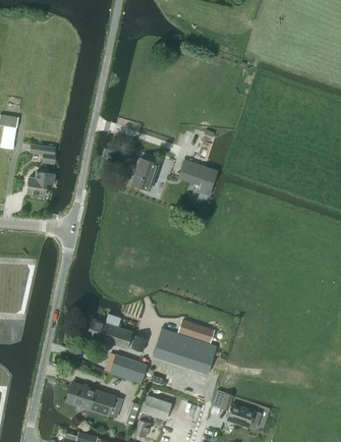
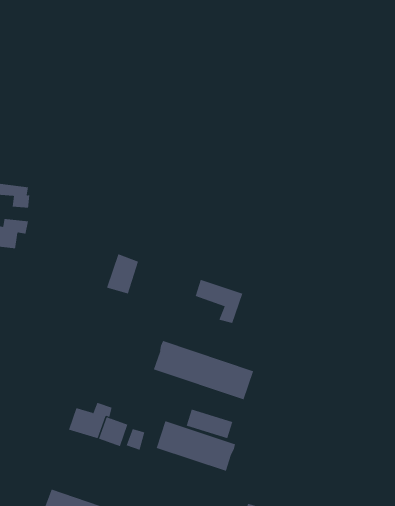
building: [131,158,157,189] -> [106,254,139,294]
building: [179,161,217,196] -> [195,279,243,324]
building: none -> [153,340,254,400]
building: [109,354,147,384] -> none

